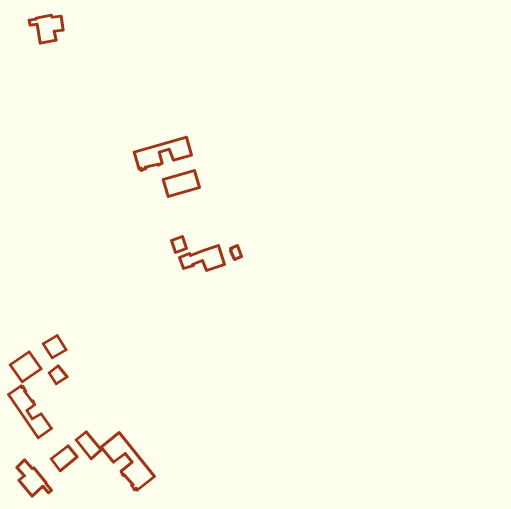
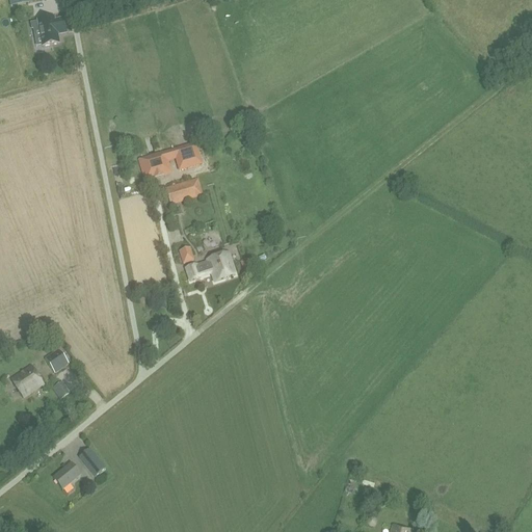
building: [9,386,51,438] -> none
building: [101,432,154,490] -> none
building: [17,460,52,496] -> none

